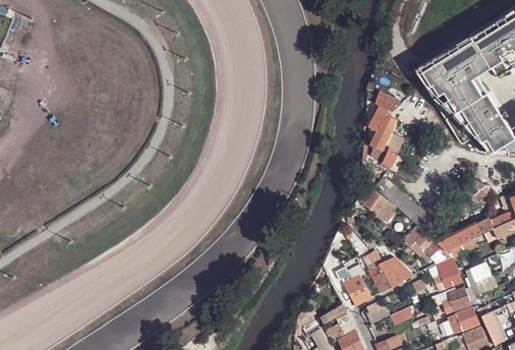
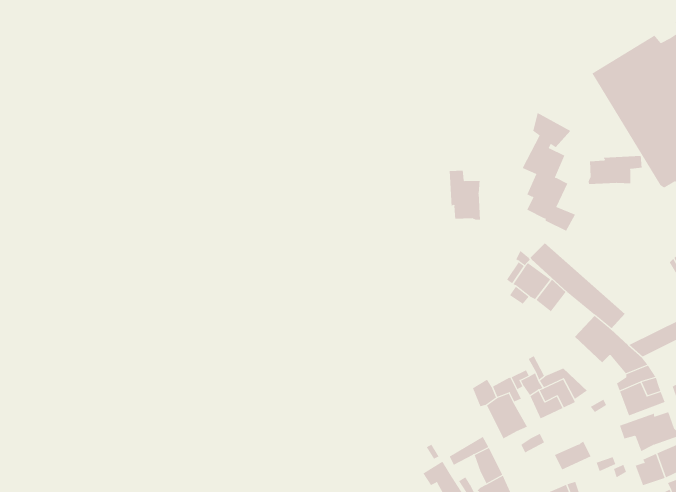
building: none -> [588,155,642,185]
building: none -> [449,170,480,220]

